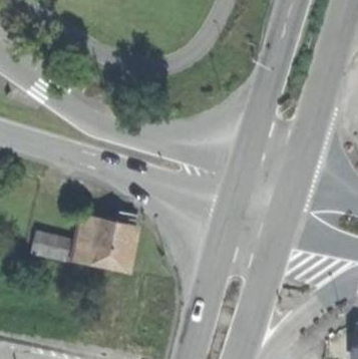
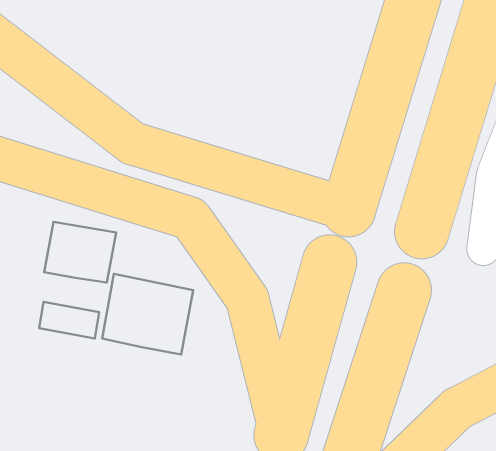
building: none -> [44,222,116,283]

